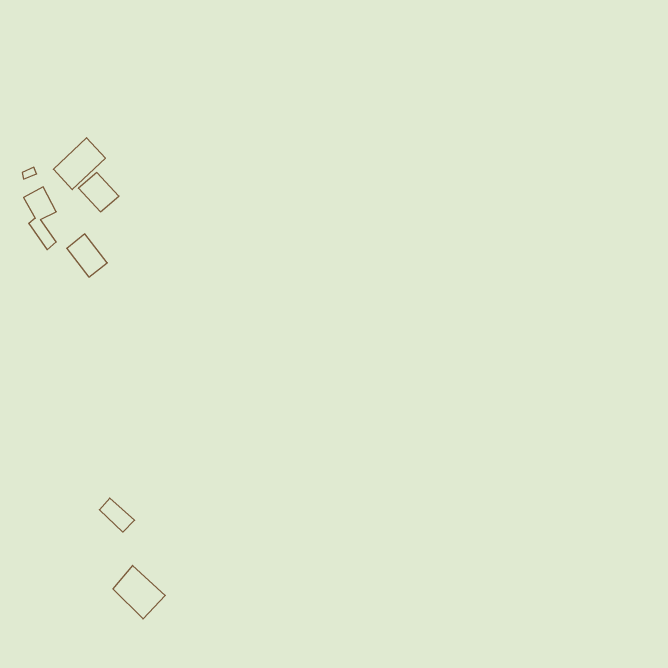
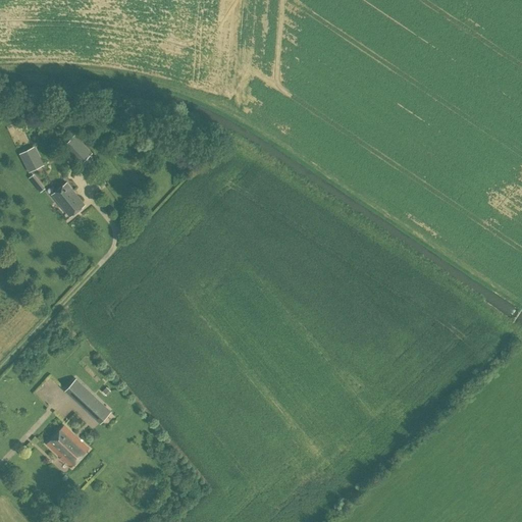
building: [53,138,105,190] -> none
building: [113,565,165,619] -> [47,425,88,467]

